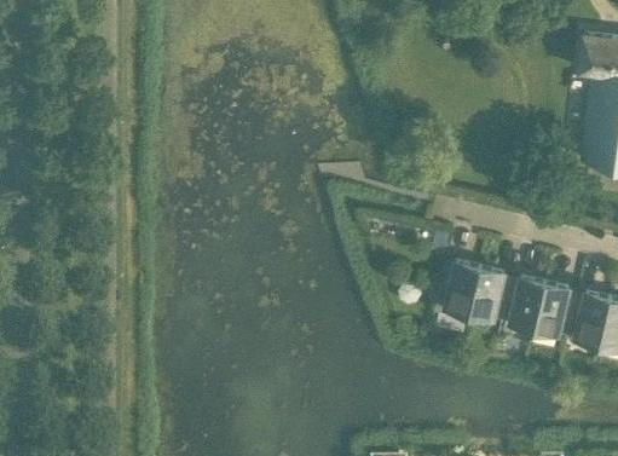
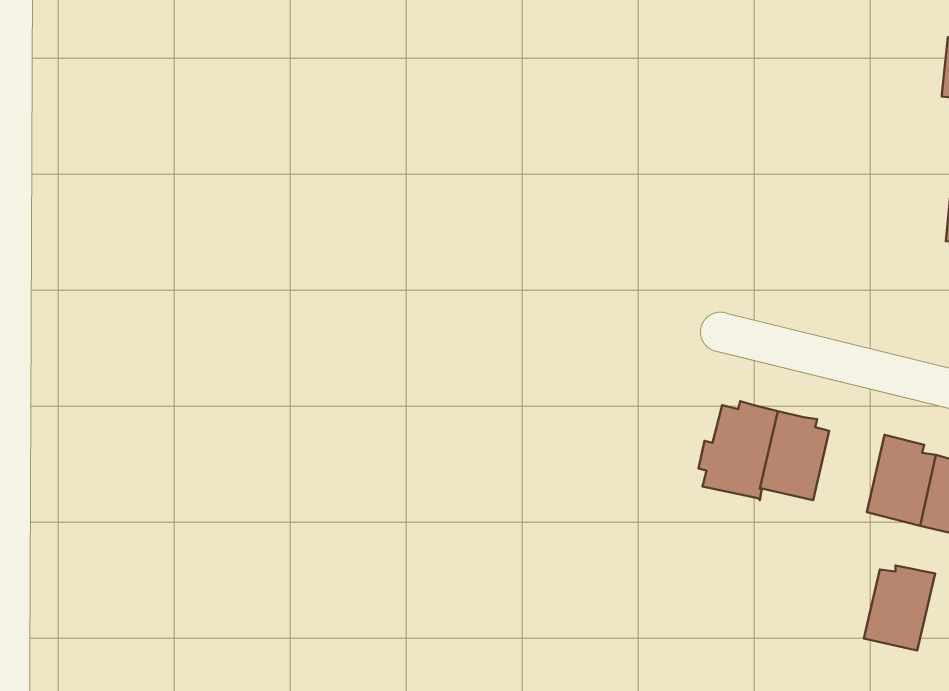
building: [512,282,555,334] -> [864,565,935,651]

